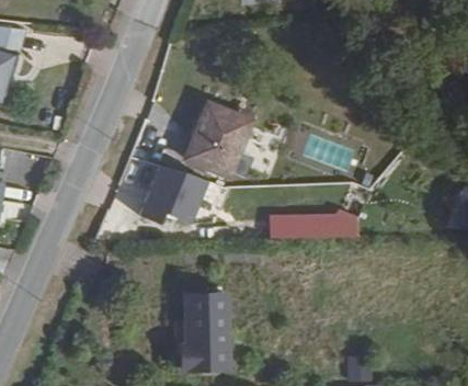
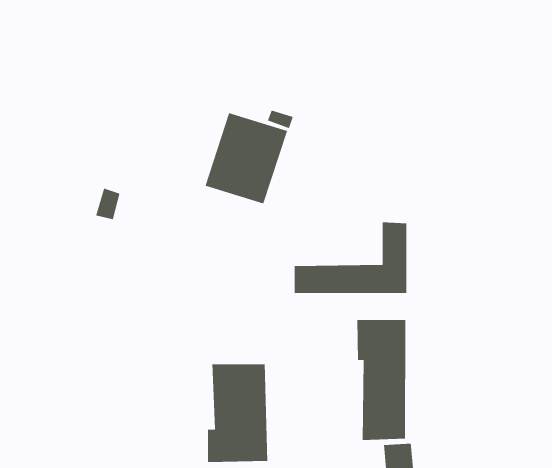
building: [125,163,194,231] -> none
building: none -> [356,319,406,441]

